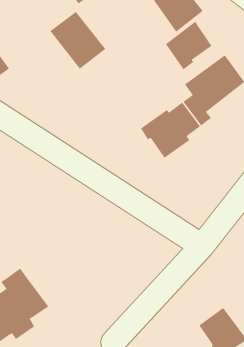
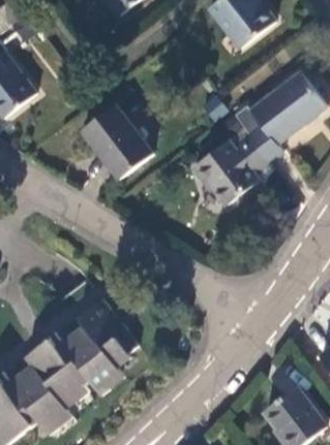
building: [49,11,106,70] -> [82,105,152,178]
building: [165,21,212,70] -> none
building: none -> [51,299,133,390]

